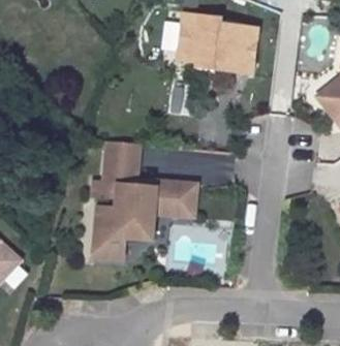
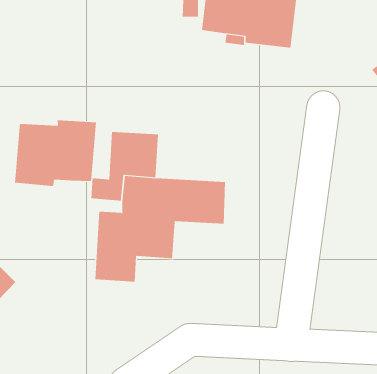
building: none -> [15,120,96,187]

